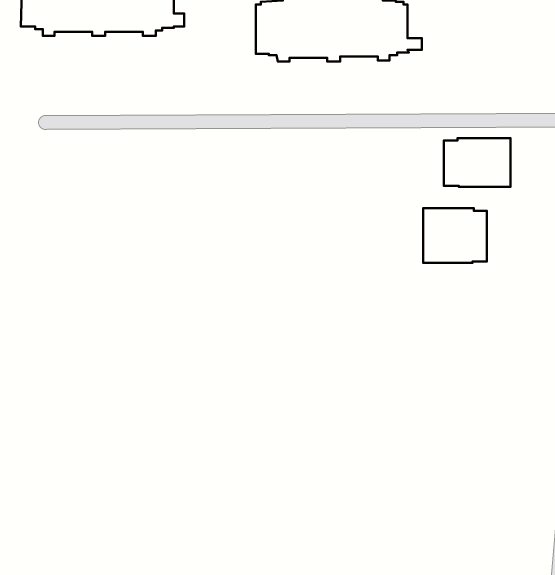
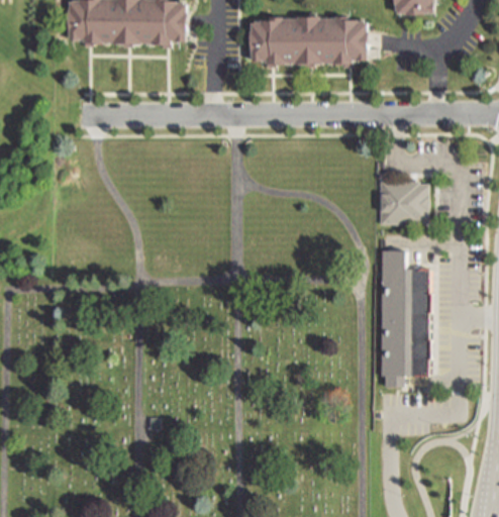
building: [444,138,510,187] -> none
building: none -> [380,250,429,385]

